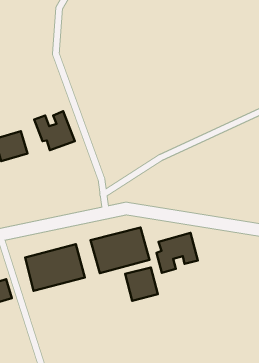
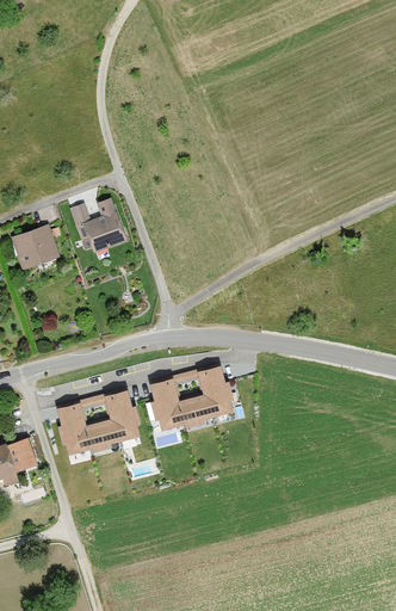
building: [157,233,198,273] -> none
building: [125,267,158,301] -> none

